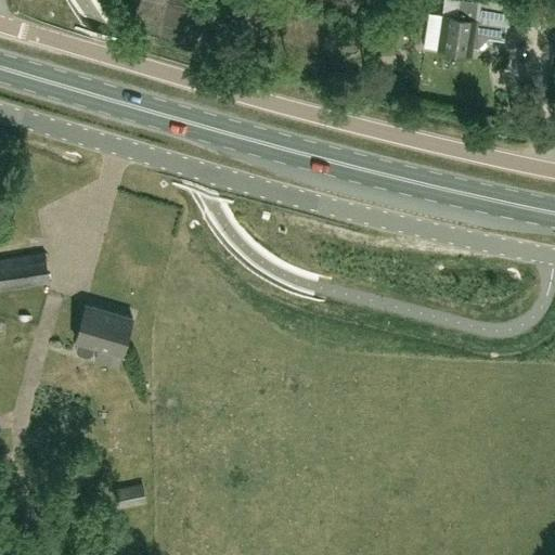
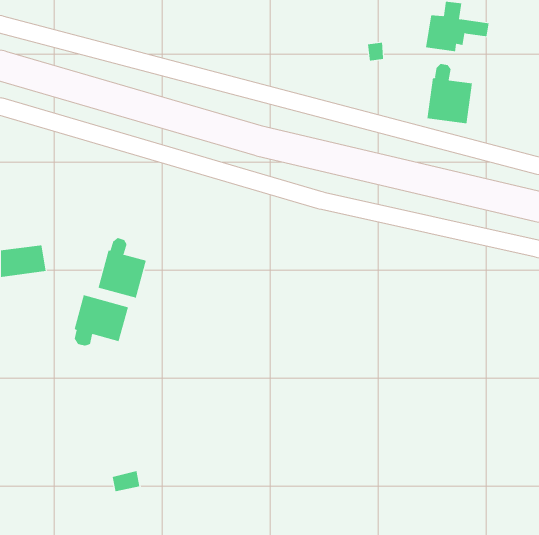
building: none -> [427,63,473,124]
building: none -> [98,237,146,298]

